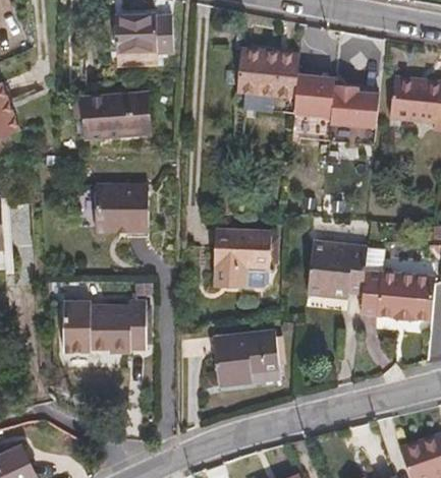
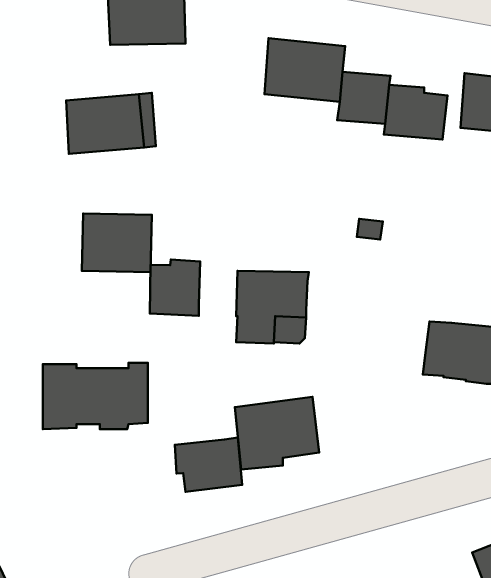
building: none -> [150,260,200,316]
building: [308,239,369,298] -> none
building: none -> [175,438,242,492]

